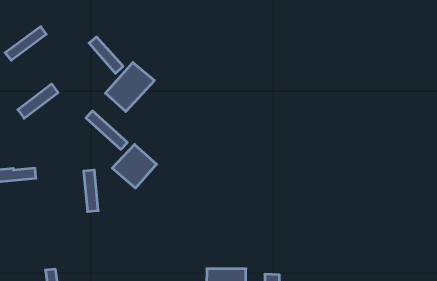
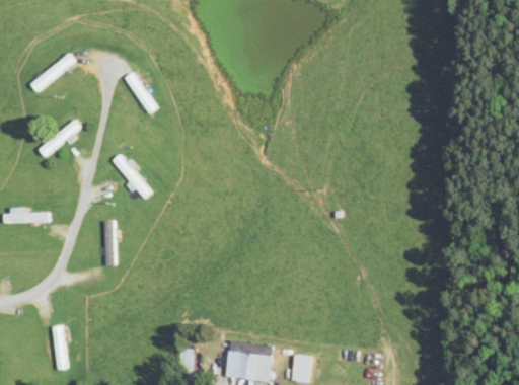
building: [105,62,154,112] -> none
building: [112,144,157,188] -> none

